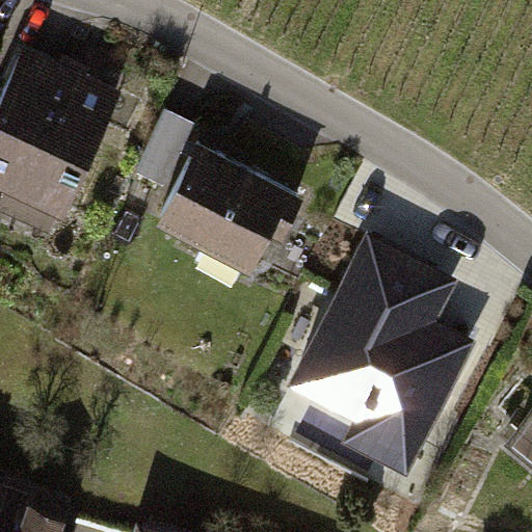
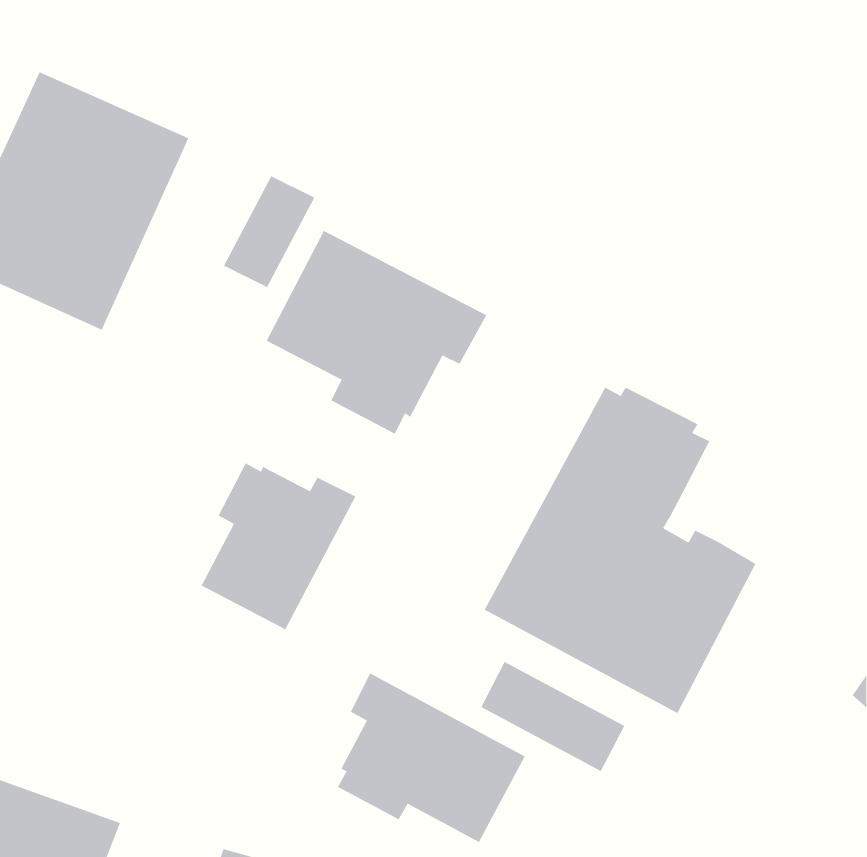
building: none -> [201,462,356,630]
building: none -> [337,672,526,843]

